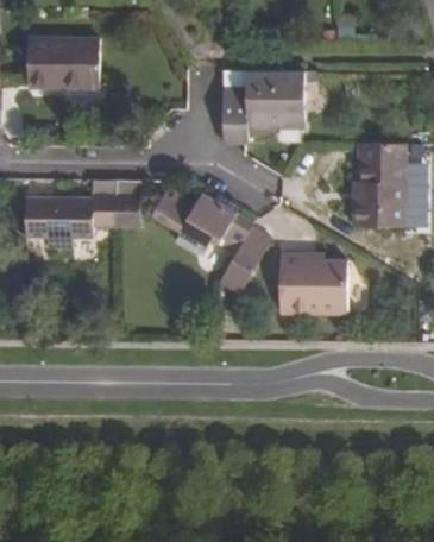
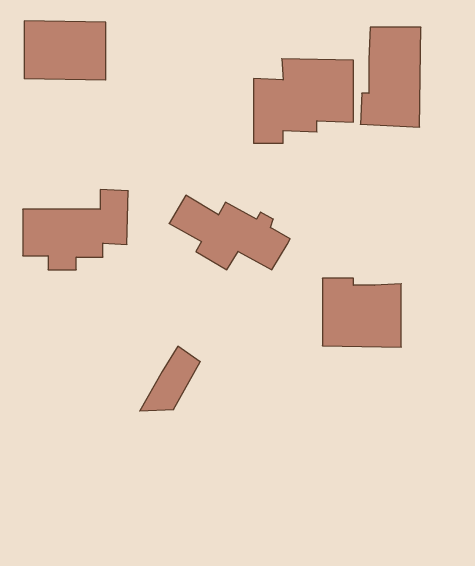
building: [354,144,405,228] -> [360,27,421,127]
building: [117,181,144,227] -> none
building: [220,227,271,282] -> [140,346,200,411]

